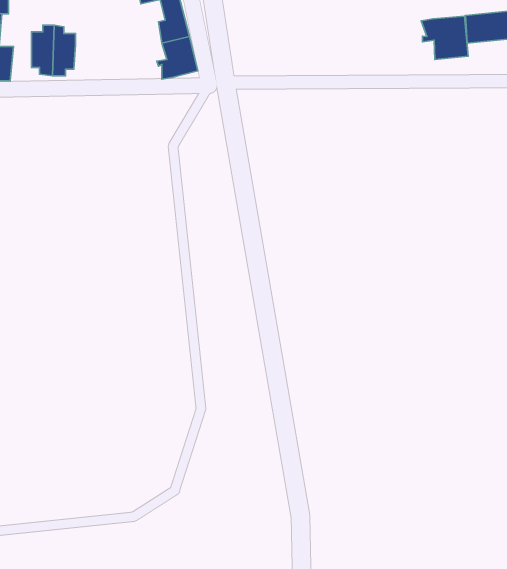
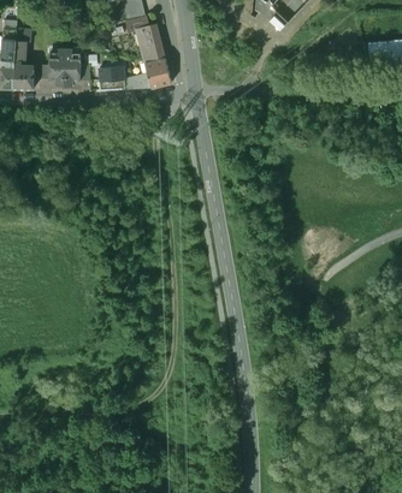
building: [421,16,468,59] -> none
building: none -> [96,69,143,93]

